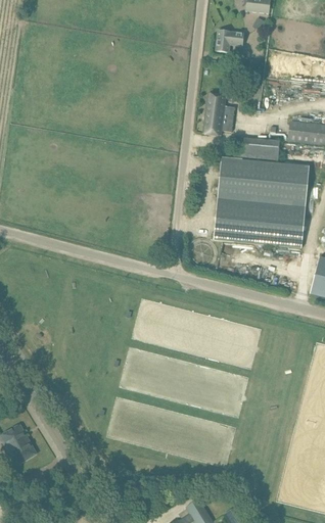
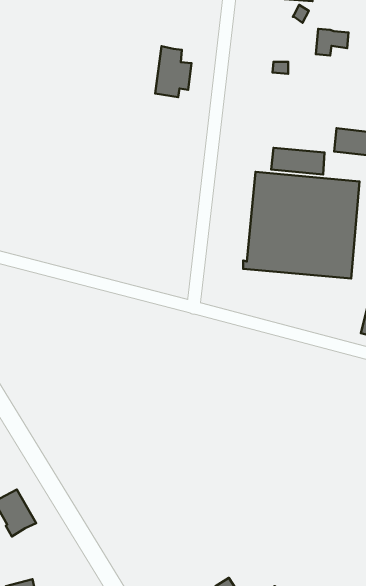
building: [216,30,243,52] -> [316,29,348,55]
building: [202,93,233,136] -> [155,46,192,97]

